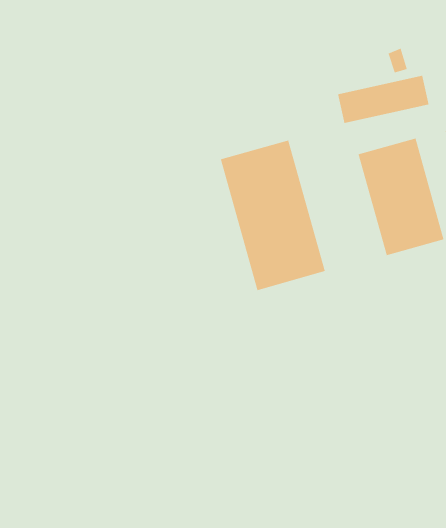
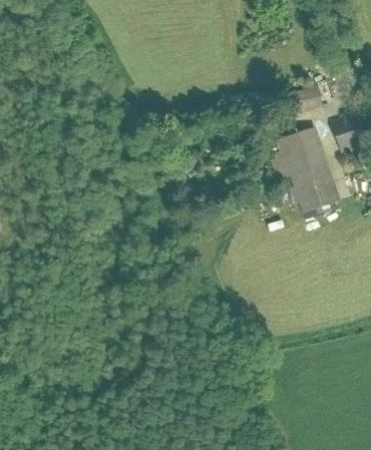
building: [220,140,326,291] -> none

